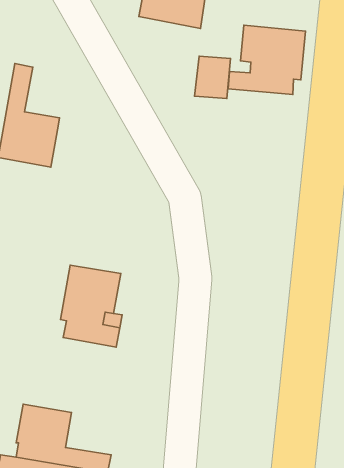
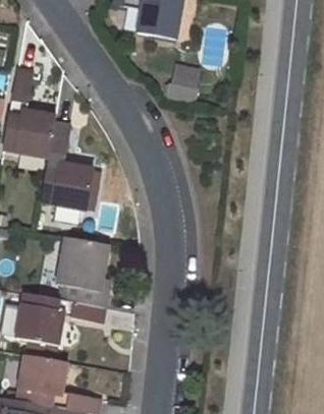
building: [228,25,305,95] -> none
building: none -> [42,121,93,209]
building: none -> [16,293,104,345]

